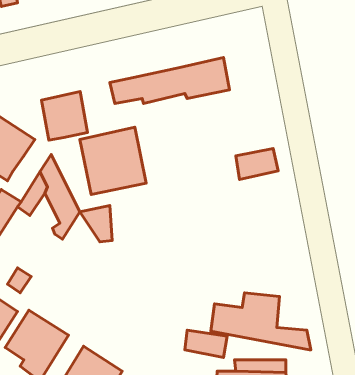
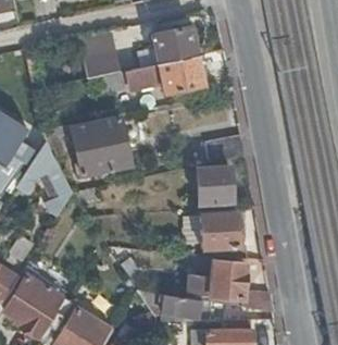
building: none -> [152,26,197,64]
building: [41,91,88,140] -> [78,37,118,79]
building: none -> [199,168,231,201]
building: none -> [201,214,238,248]

